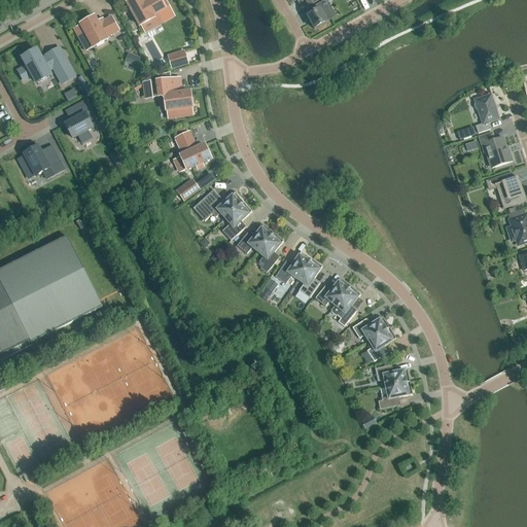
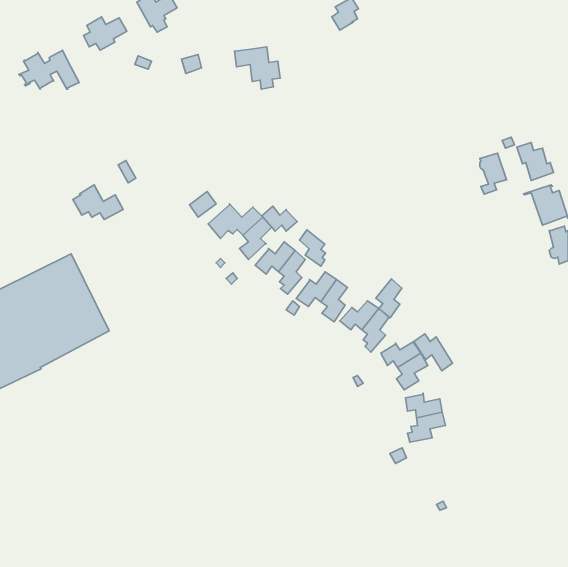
building: [149,77,191,116] -> [234,47,280,89]
building: [473,94,498,132] -> [480,153,506,194]
building: [65,99,95,137] -> none
building: [173,131,210,172] -> none
building: [17,145,64,177] -> [73,185,123,219]
building: none -> [262,206,297,231]
building: none -> [299,230,326,266]
building: none -> [376,279,402,318]
building: none -> [414,334,452,371]

